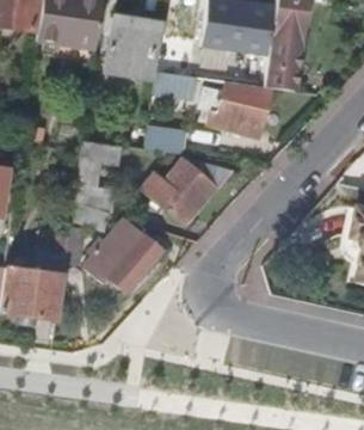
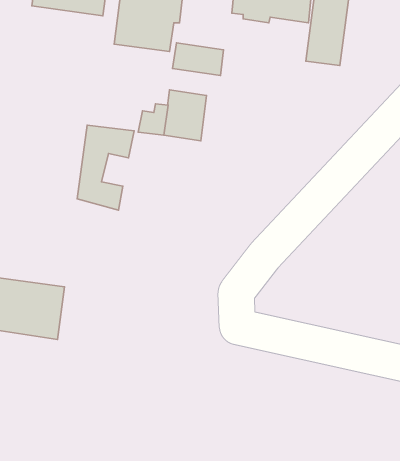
building: [200,81,271,136] -> none
building: [162,159,234,226] -> none
building: [94,226,162,293] -> none

